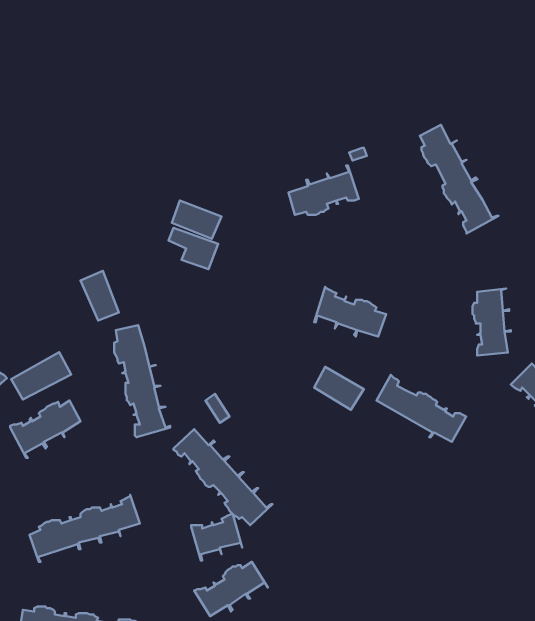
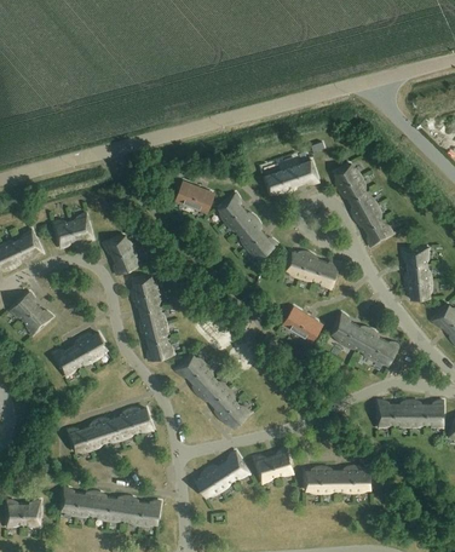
building: [420,125,498,233] -> [334,163,393,246]
building: none -> [218,194,276,258]
building: none -> [52,212,91,246]
building: [11,352,71,399] -> none
building: none -> [378,399,443,427]
building: [191,514,242,560] -> [254,448,293,483]
building: none -> [304,466,370,494]

